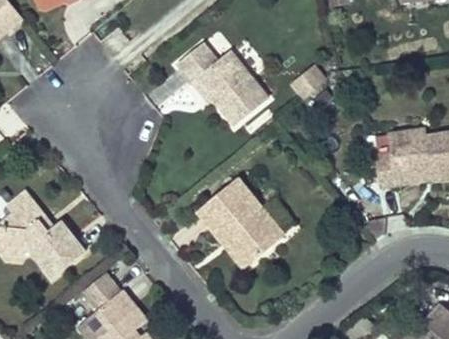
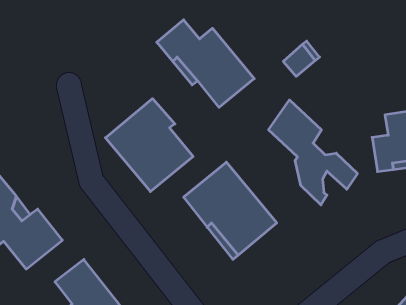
building: none -> [105,99,193,192]
building: none -> [269,100,357,205]

